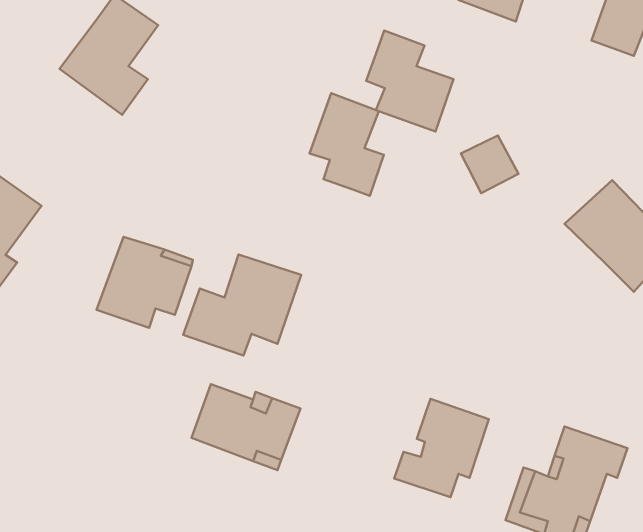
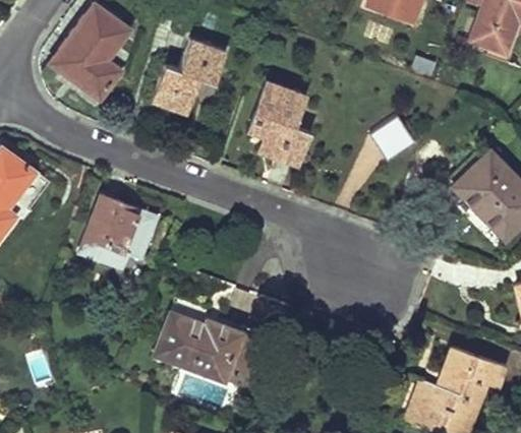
building: [366,30,454,132] -> none
building: none -> [153,40,227,114]
building: [183,254,301,355] -> none
building: [394,399,489,497] -> none

